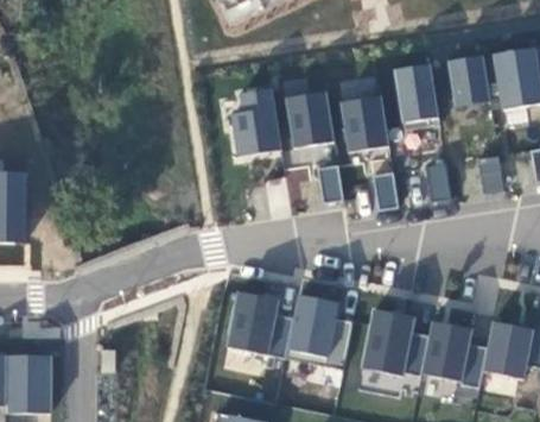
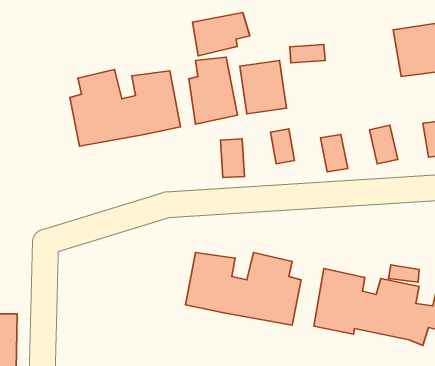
building: none -> [192,12,250,56]
building: [393,63,440,131] -> none
building: [342,95,388,152] -> none
building: none -> [70,69,181,146]

